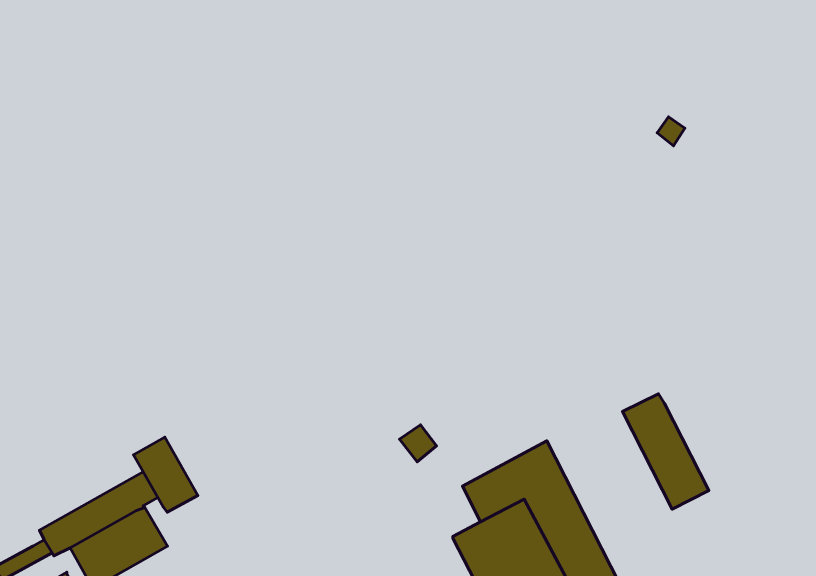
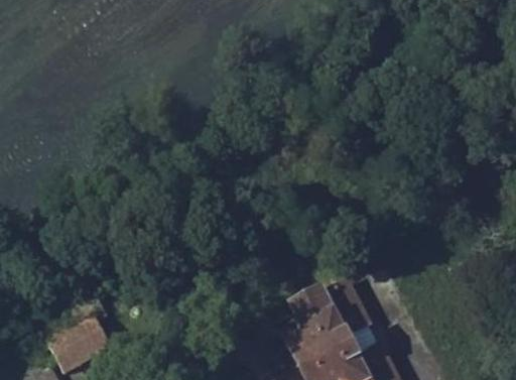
building: [622,394,709,509] -> none
building: [134,437,198,512] -> none

